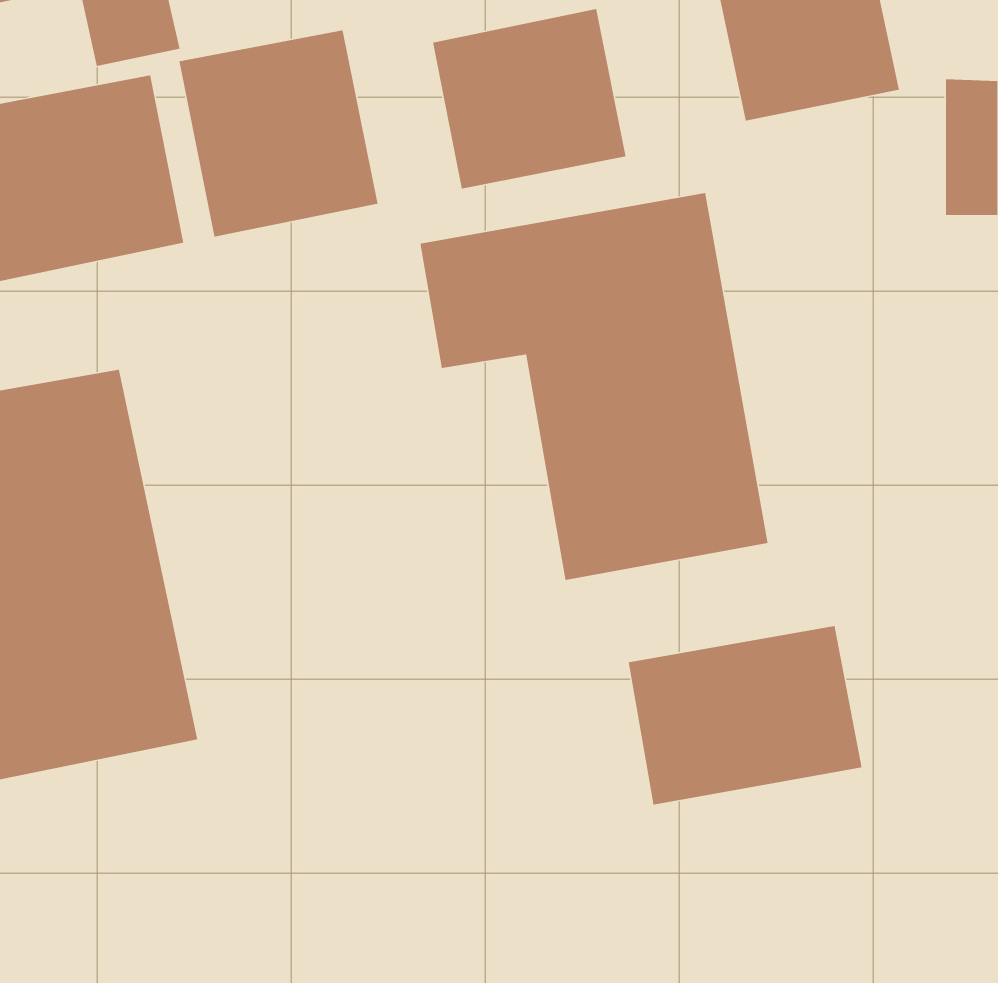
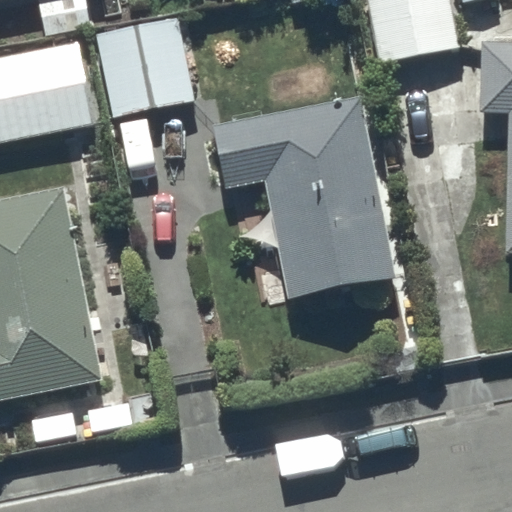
building: [432,8,626,189] -> none
building: [628,625,863,805] -> none

